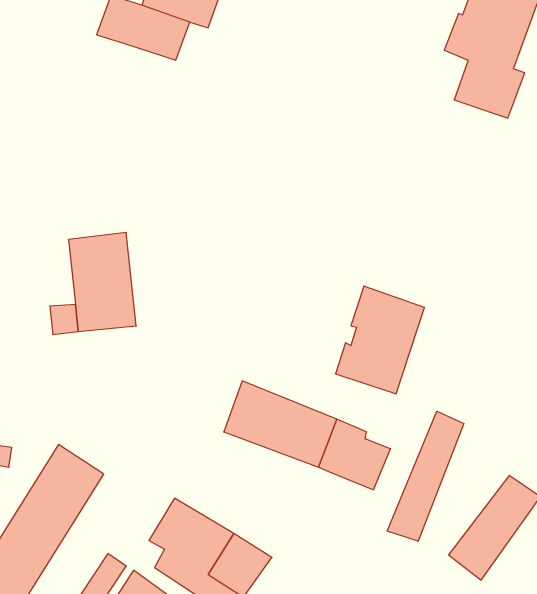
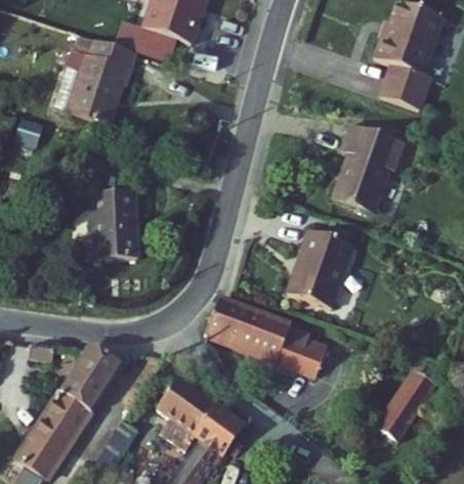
building: none -> [53,41,135,129]
building: none -> [328,122,395,210]
building: [387,411,464,541] -> none

